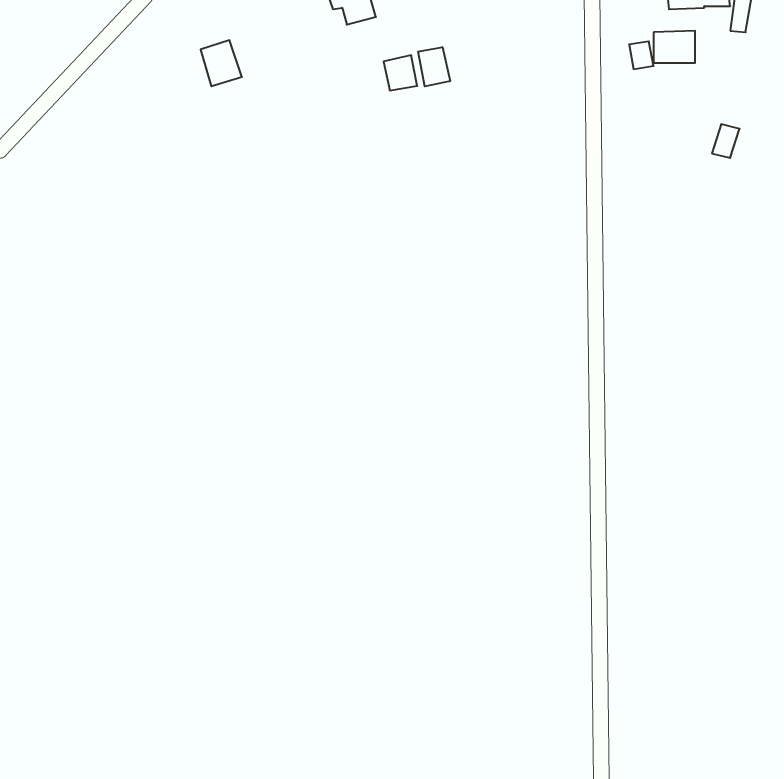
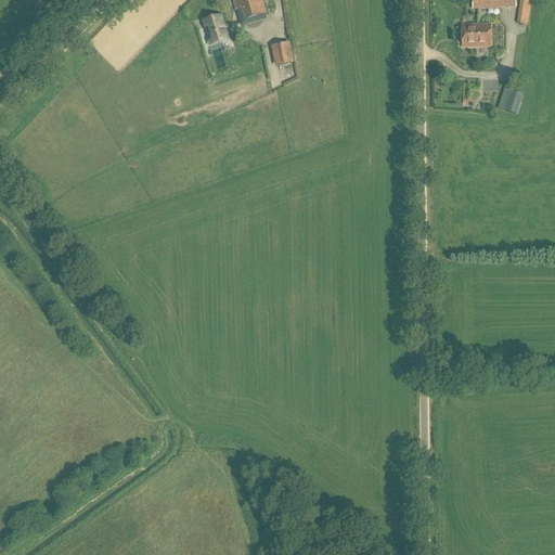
building: [201,40,242,86] -> [201,12,230,44]
building: [418,47,450,86] -> none

